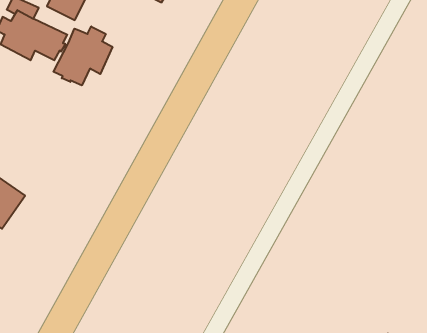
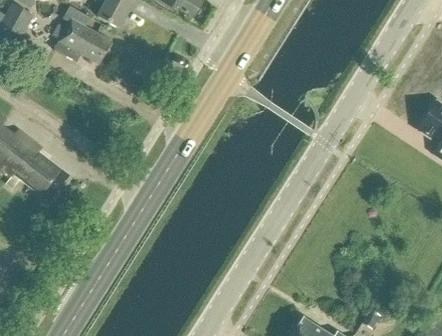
building: [53,26,112,85] -> none

